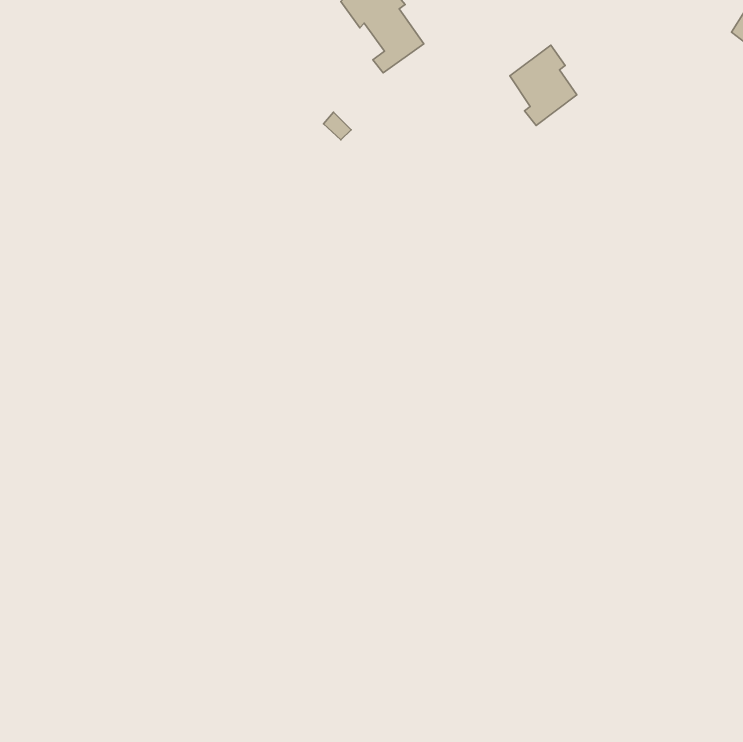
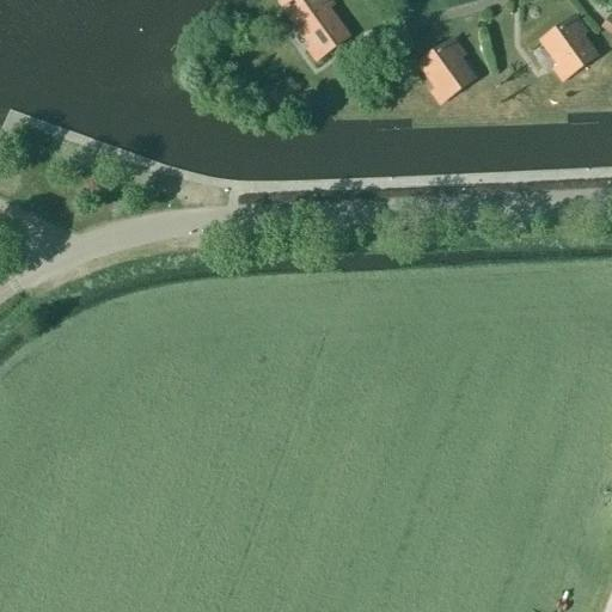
building: none -> [541,14,598,80]

